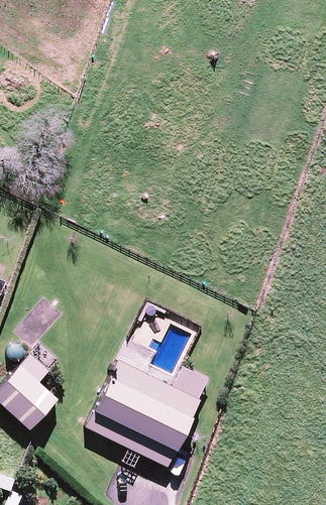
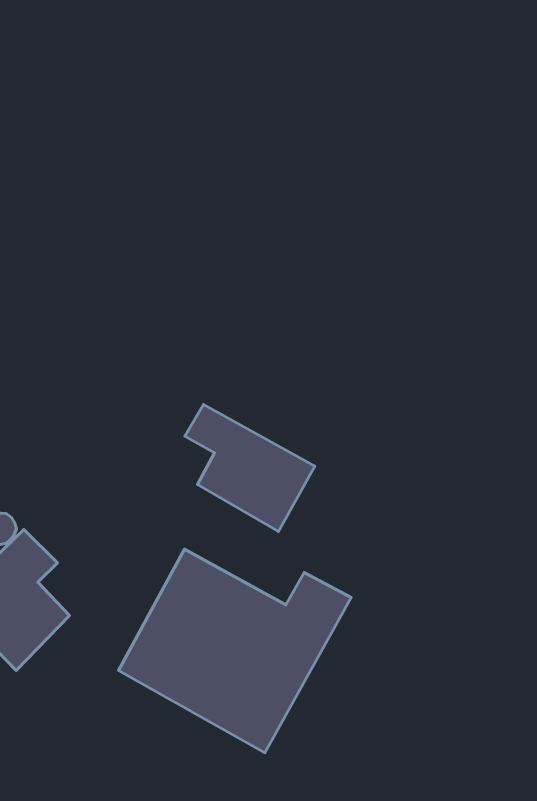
building: none -> [185,404,315,532]

